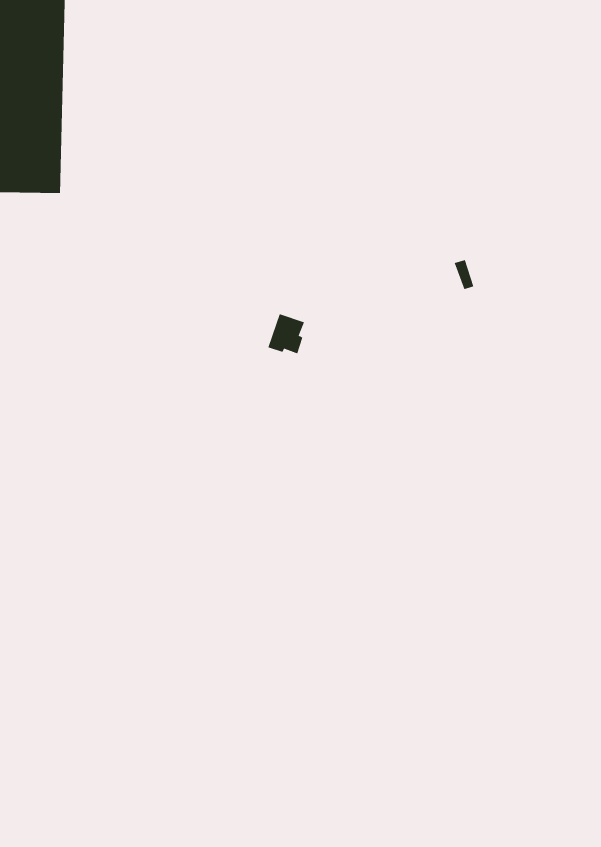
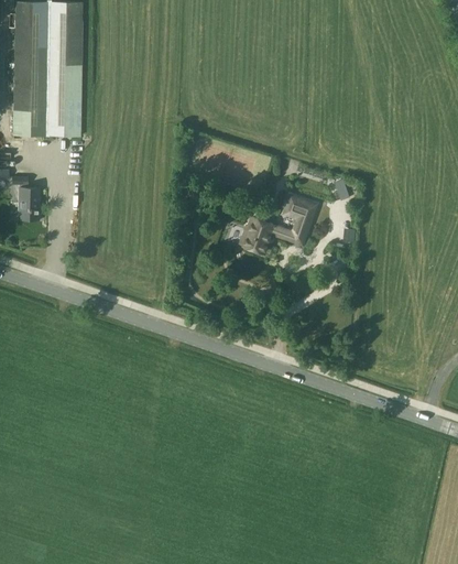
building: none -> [284,195,316,236]
building: none -> [240,217,282,252]

